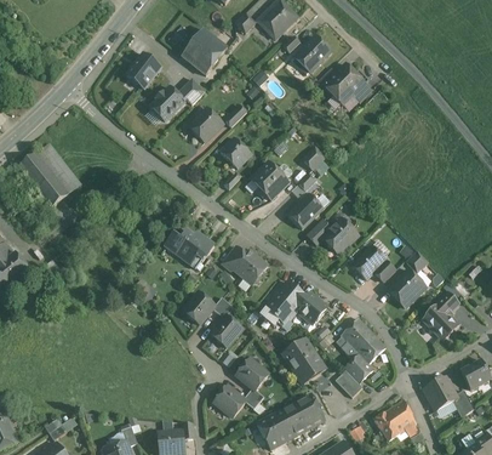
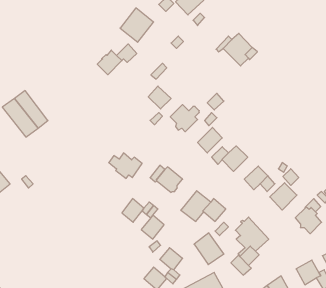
building: [293,35,330,72] -> none
building: [127,53,160,87] -> none
building: [189,107,223,141] -> none

